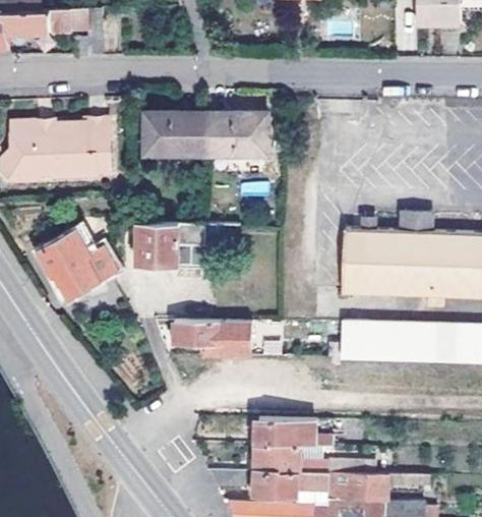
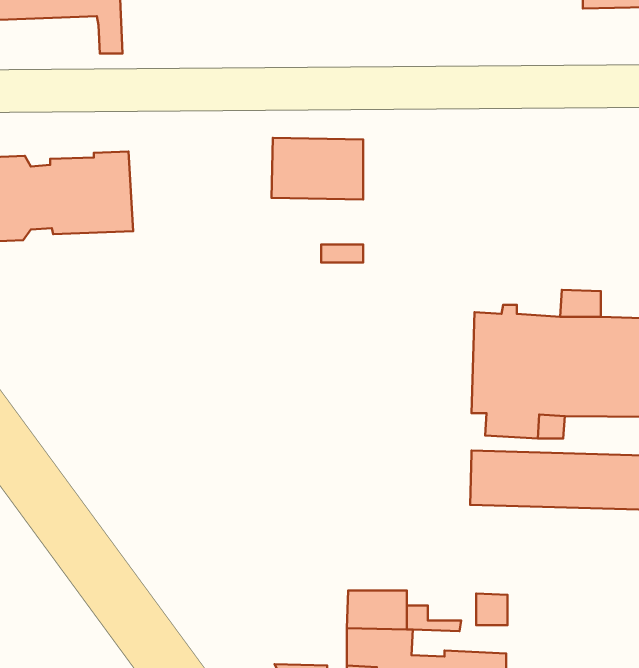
building: [144,112,206,153] -> none
building: [138,223,215,267] -> none
building: [39,224,117,297] -> none
building: [170,323,245,358] -> none

